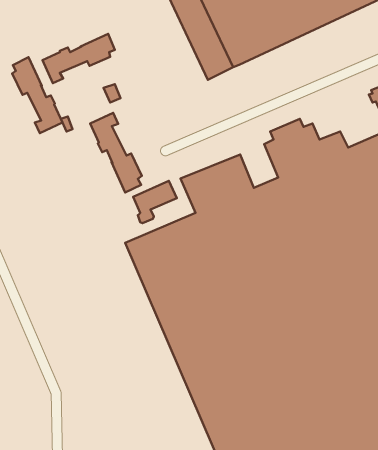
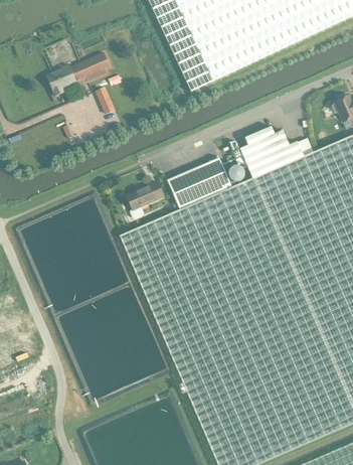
building: [12,57,63,133] -> none
building: [90,113,142,193] -> none

